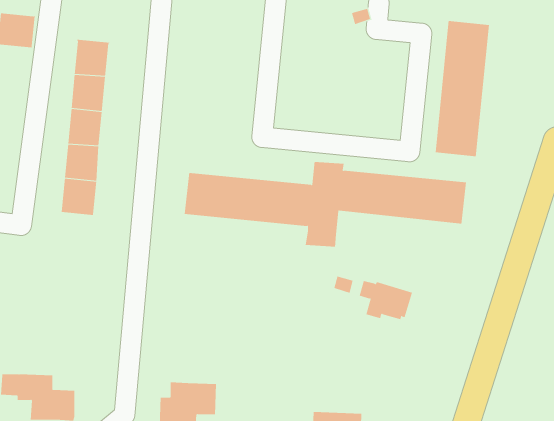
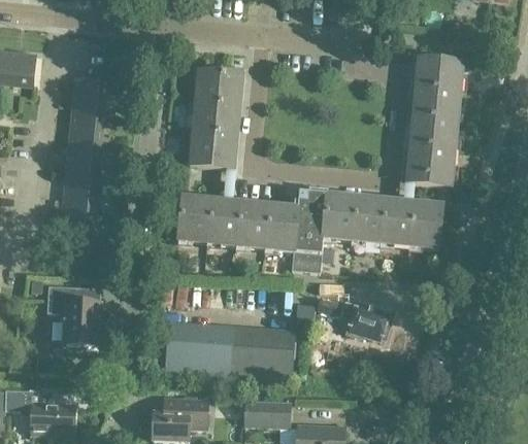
building: none -> [188,69,236,168]
building: none -> [47,284,101,343]
building: none -> [165,322,297,381]
building: none -> [243,399,290,425]

